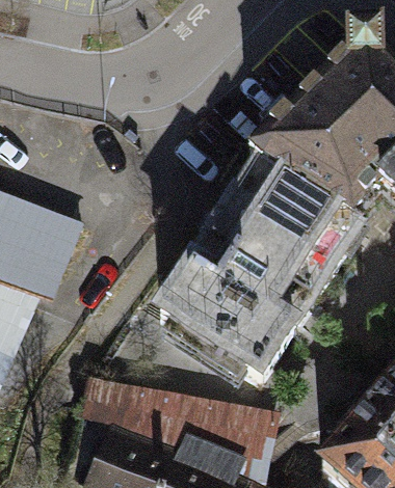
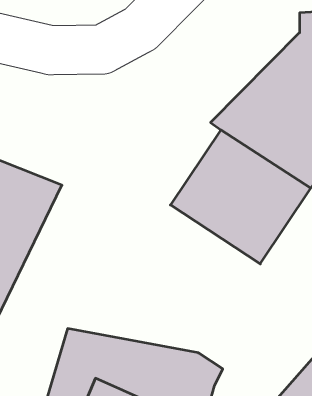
building: [141,235,305,382] -> none

